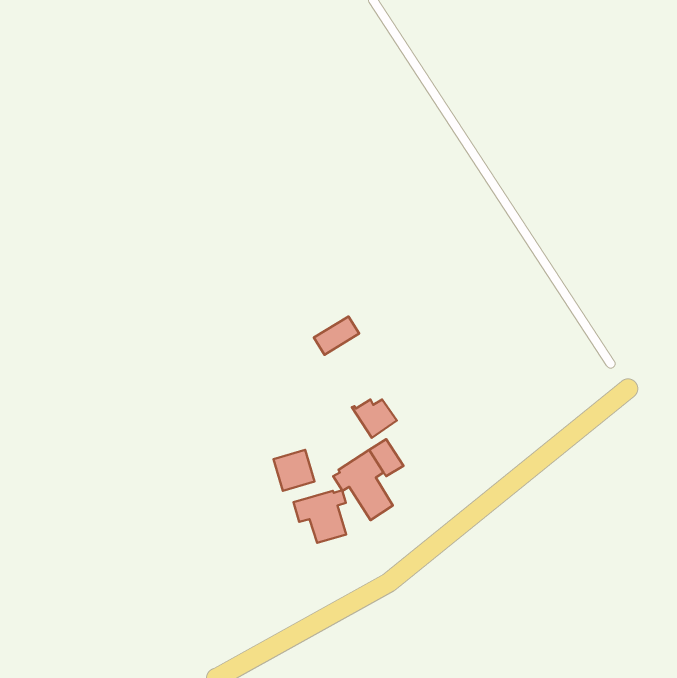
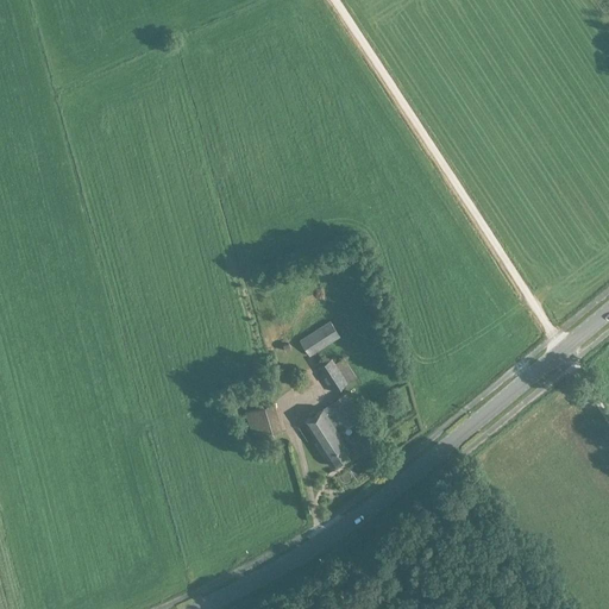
building: [314,316,359,355] -> [300,321,340,356]
building: [293,490,346,543] -> none

